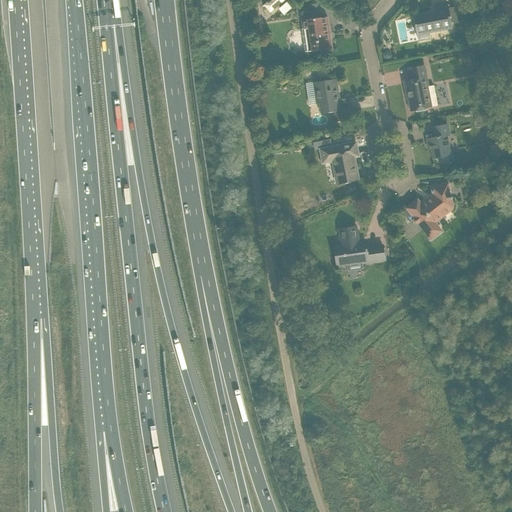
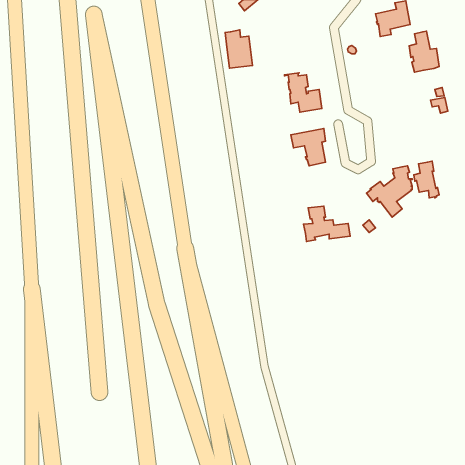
building: [300,9,330,51] -> [225,30,252,68]
building: [403,65,436,110] -> [409,31,439,72]
building: [426,123,454,163] -> [414,161,439,198]

